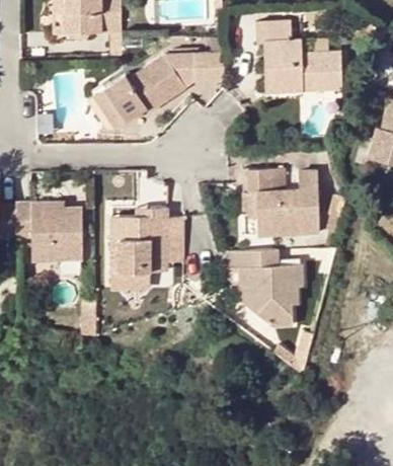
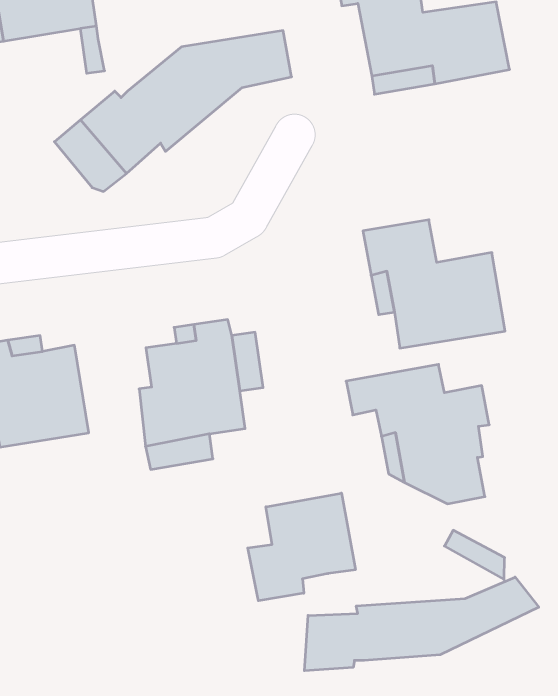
building: none -> [248,493,355,601]
building: none -> [304,577,539,671]

